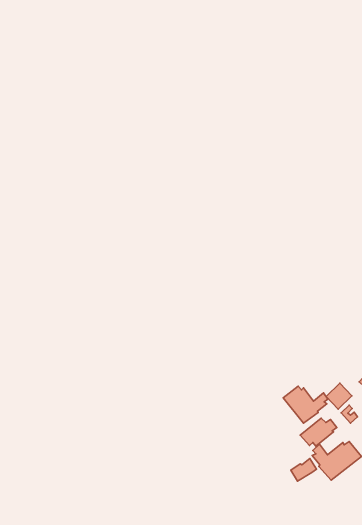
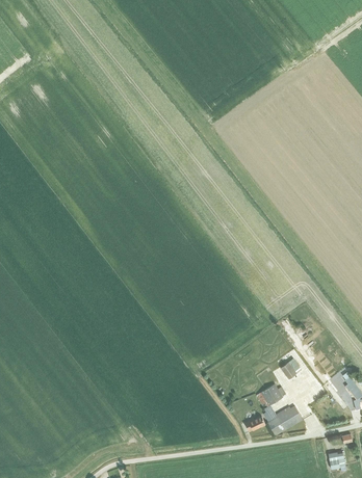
building: [283,386,328,423] -> none

